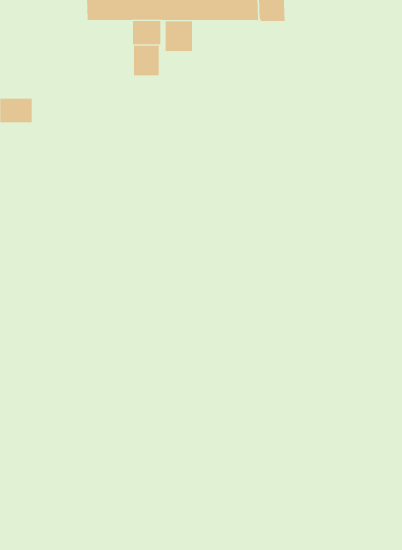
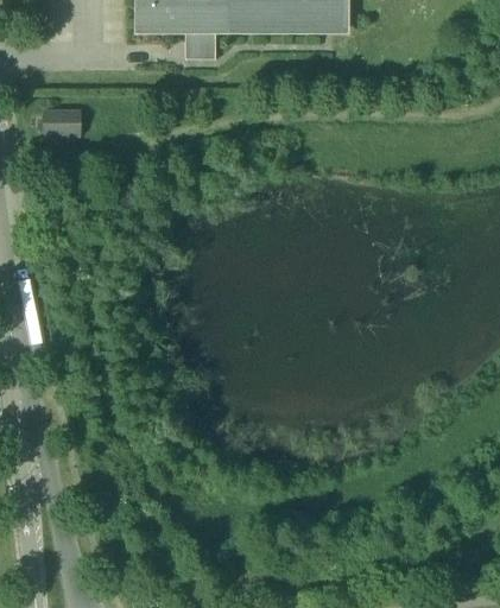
building: [165,21,192,52] -> none
building: [134,45,159,76] -> none

